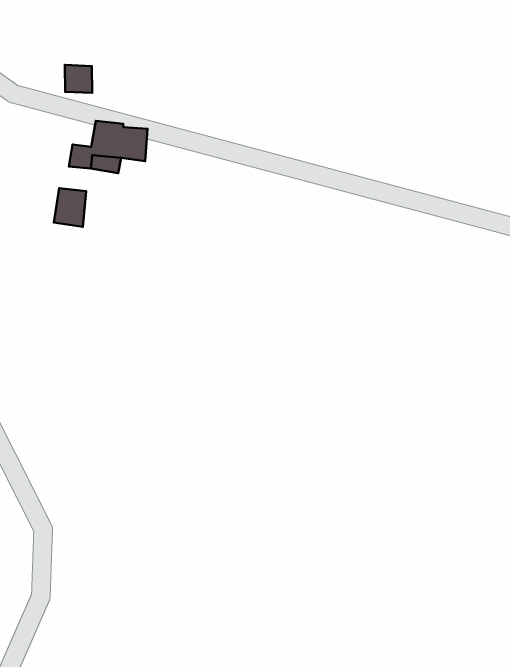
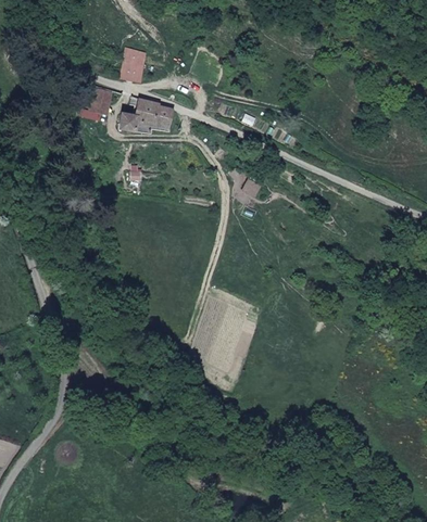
building: [54,188,86,227] -> [87,86,111,113]

